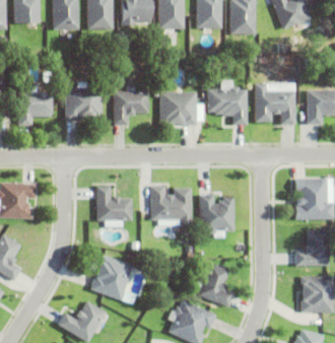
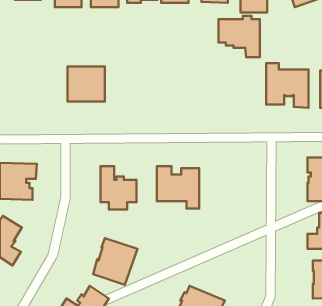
building: [18,88,54,129] -> none
building: [208,89,248,129] -> [219,16,260,57]
building: [114,93,149,129] -> none
building: [160,94,198,129] -> none
building: [200,194,234,232] -> none
building: [194,262,234,305] -> none

